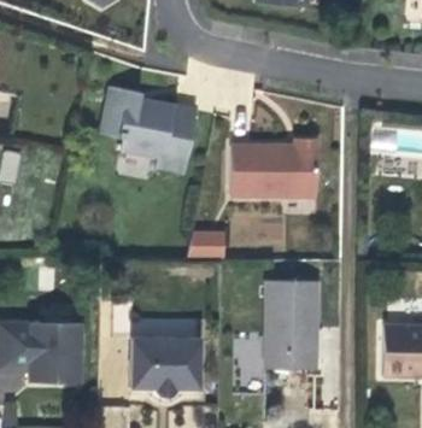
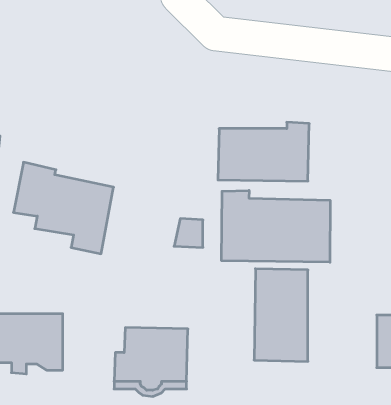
building: [101,86,198,174] -> [13,162,114,254]
building: none -> [222,190,330,262]

